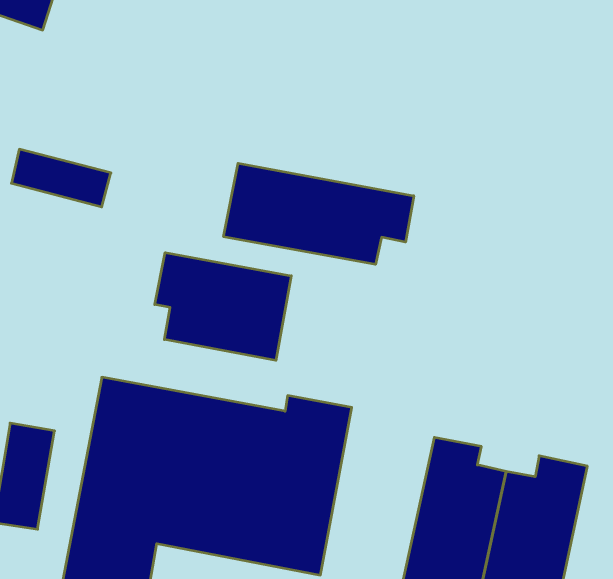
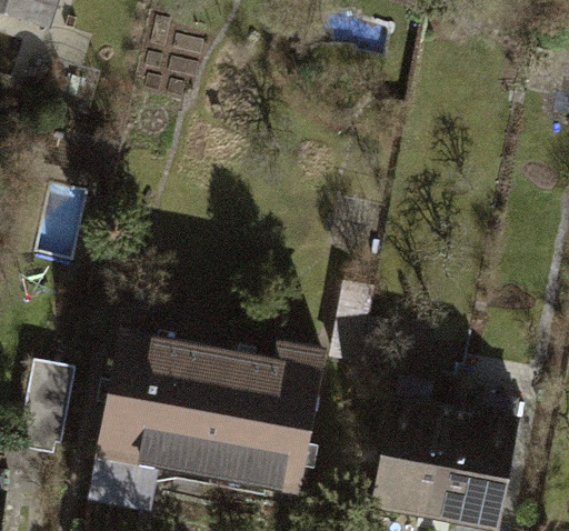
building: [224,163,414,264] -> none
building: [155,253,291,360] -> none

